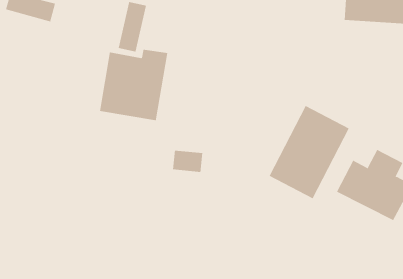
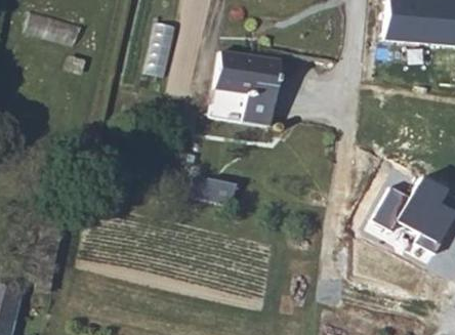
building: [99,49,168,121] -> [215,44,288,120]
building: [269,105,350,199] -> none

